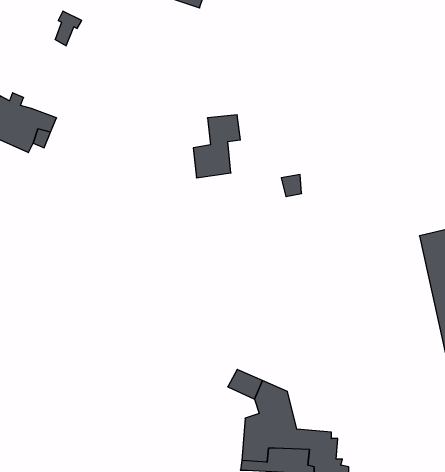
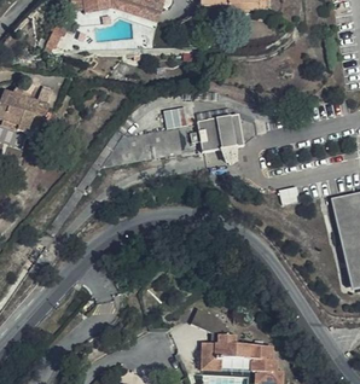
building: none -> [197,112,245,151]

